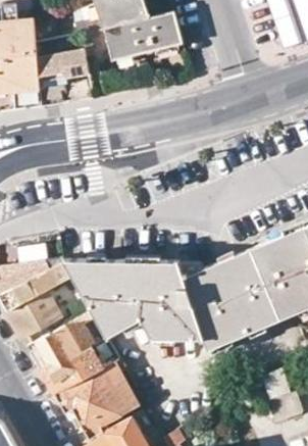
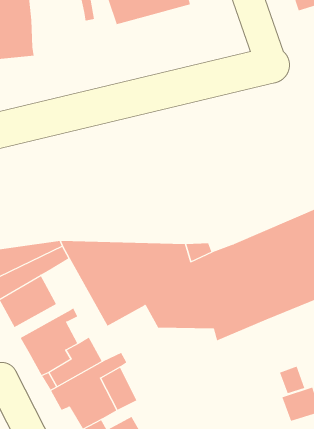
building: [39,51,90,83] -> none

